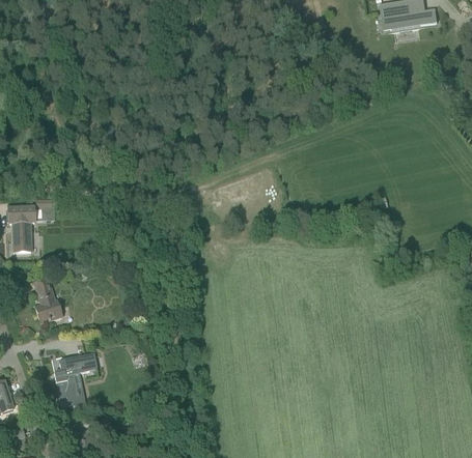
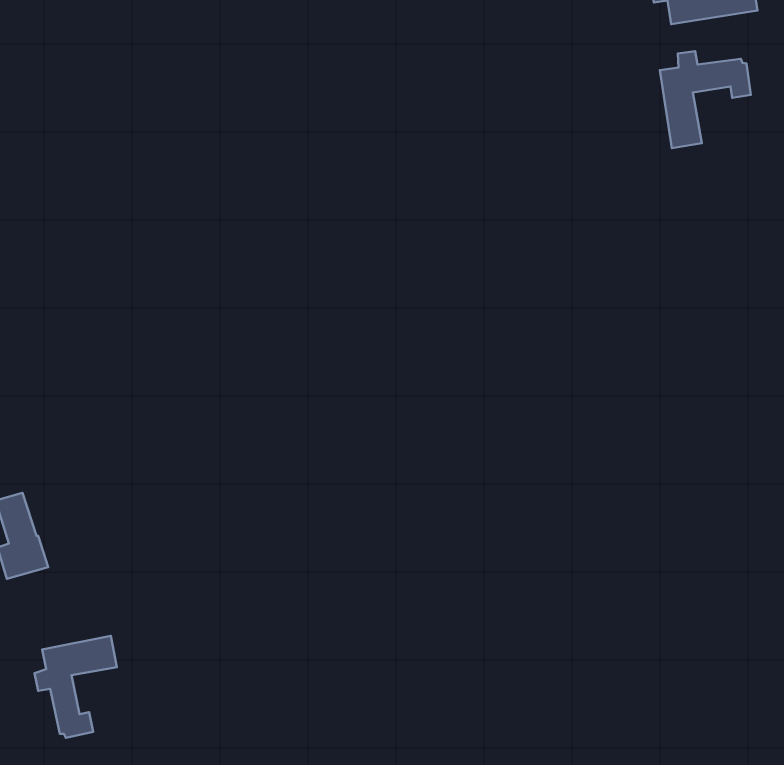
building: none -> [660,51,751,148]

